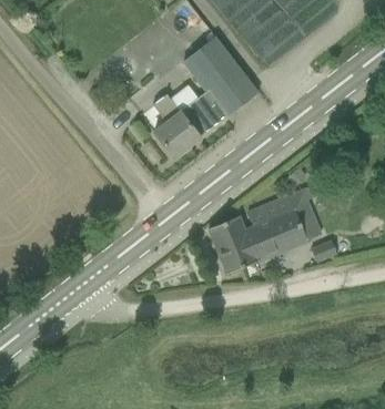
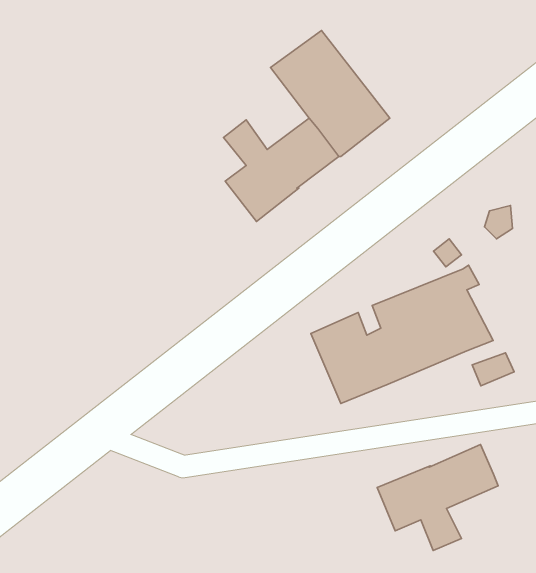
building: none -> [377,445,498,551]

